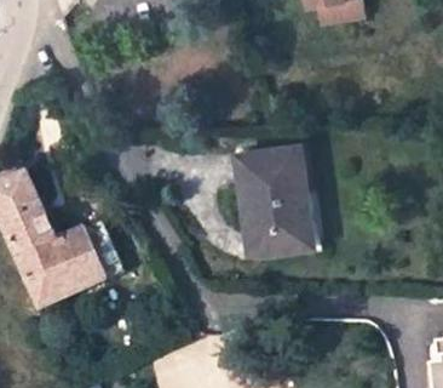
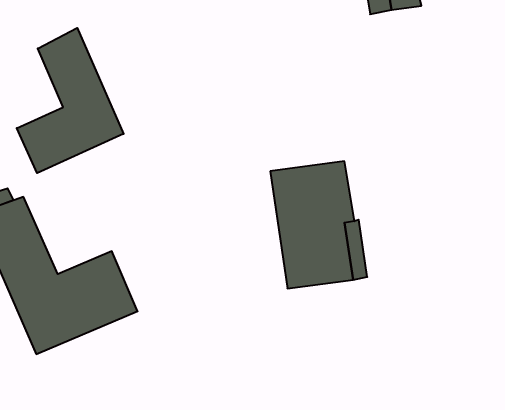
building: none -> [17,28,124,173]

